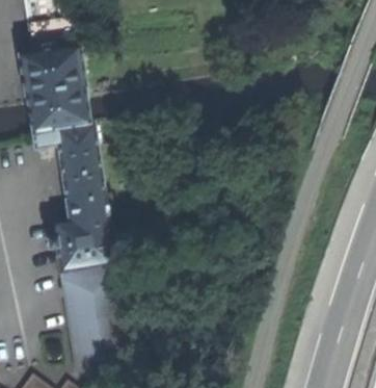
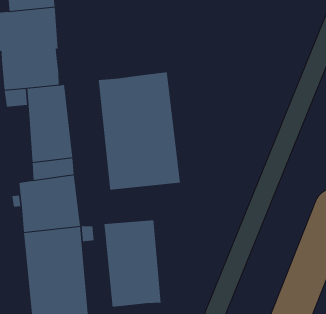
building: none -> [98,72,181,190]
building: none -> [104,220,161,308]

